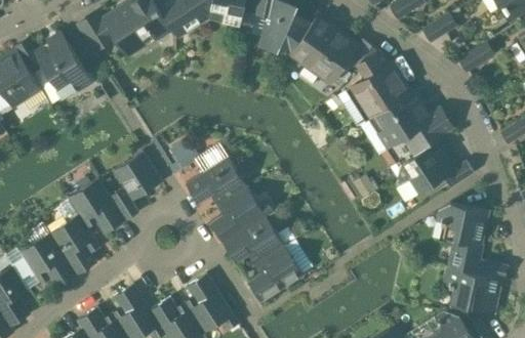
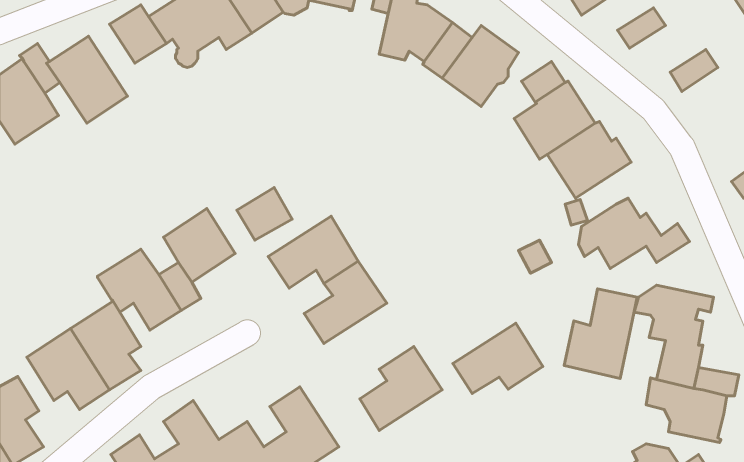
building: [411,114,451,149] -> none
building: none -> [564,289,637,379]
building: [221,216,283,264] -> [453,323,543,394]

